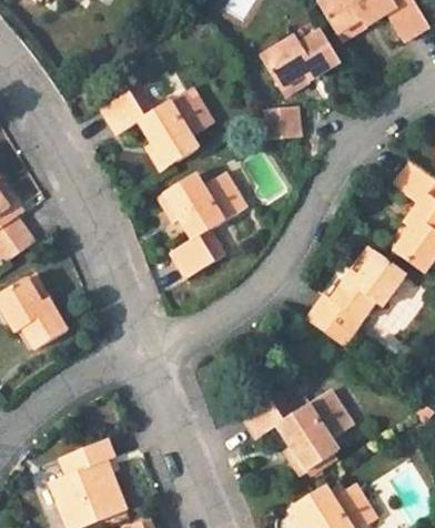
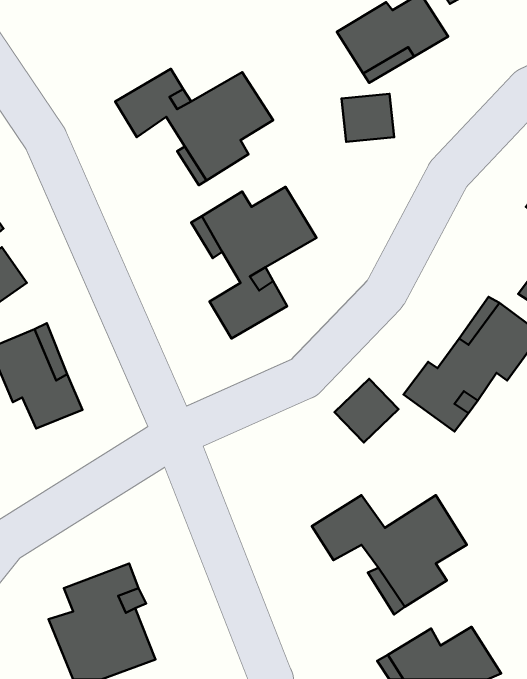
building: none -> [334,379,399,442]

